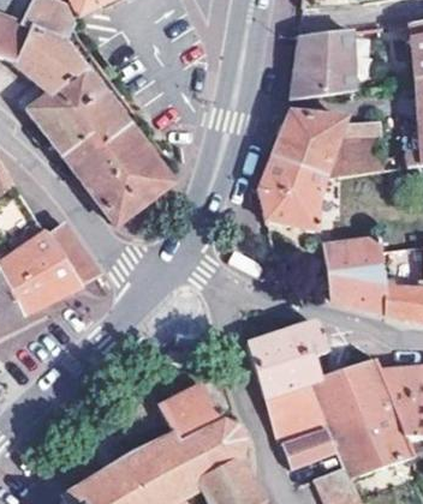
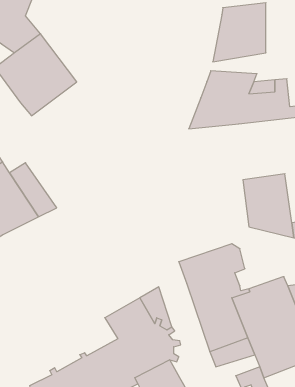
building: [71,125,167,222] -> none
building: [258,175,320,230] -> none

